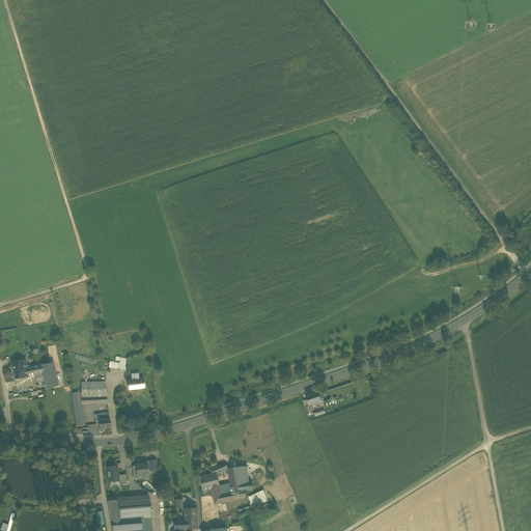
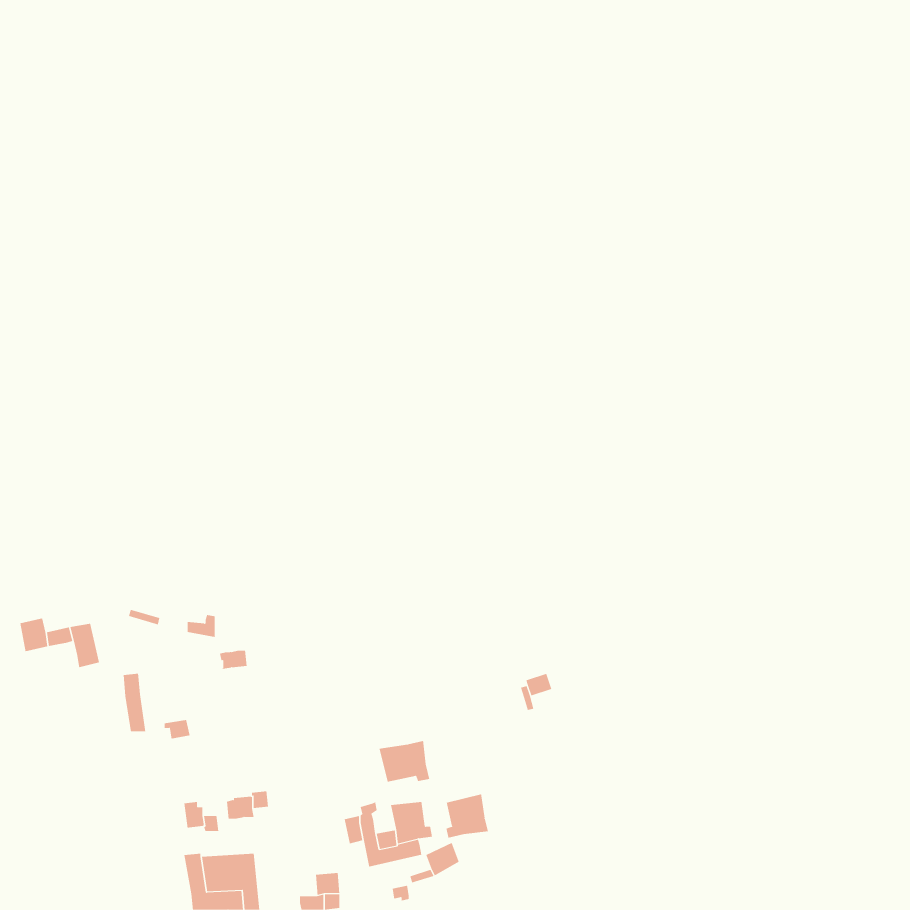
building: [81,382,107,404] -> none
building: none -> [379,740,430,783]
building: none -> [446,794,488,839]

